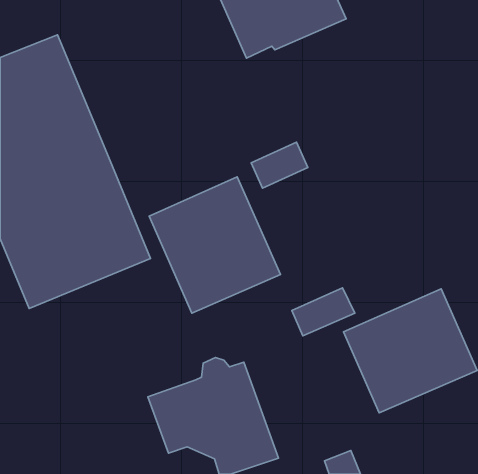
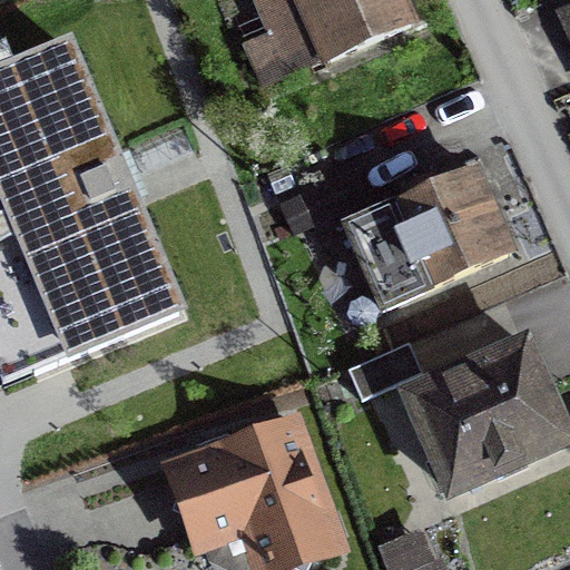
building: none -> [346,168,511,308]
building: [149,177,280,313] -> none

